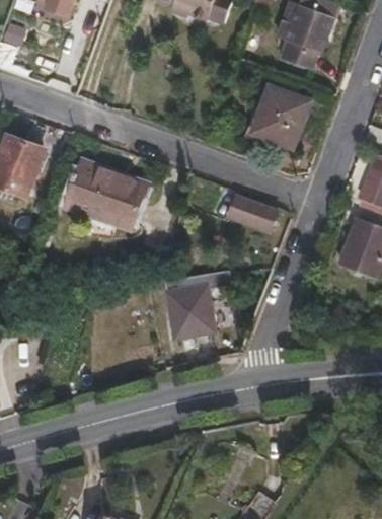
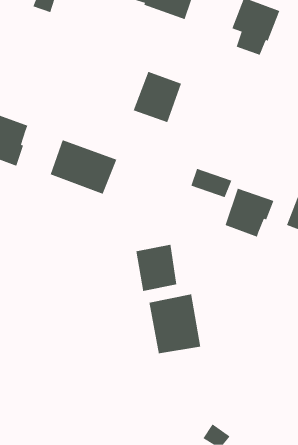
building: [252,85,309,145] -> [133,71,182,123]
building: none -> [225,188,274,237]
building: none -> [149,293,201,354]

